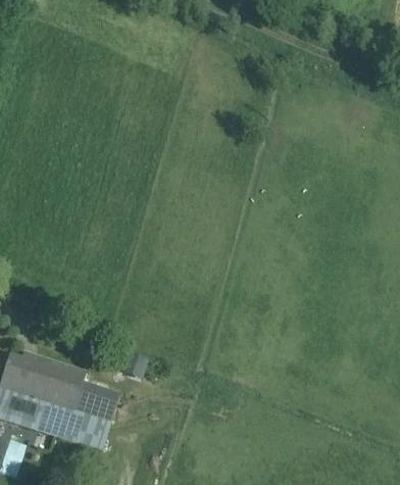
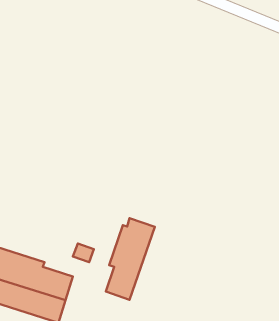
building: none -> [106,218,155,300]

